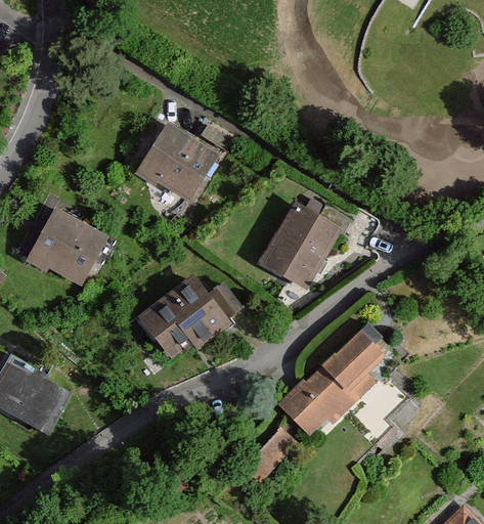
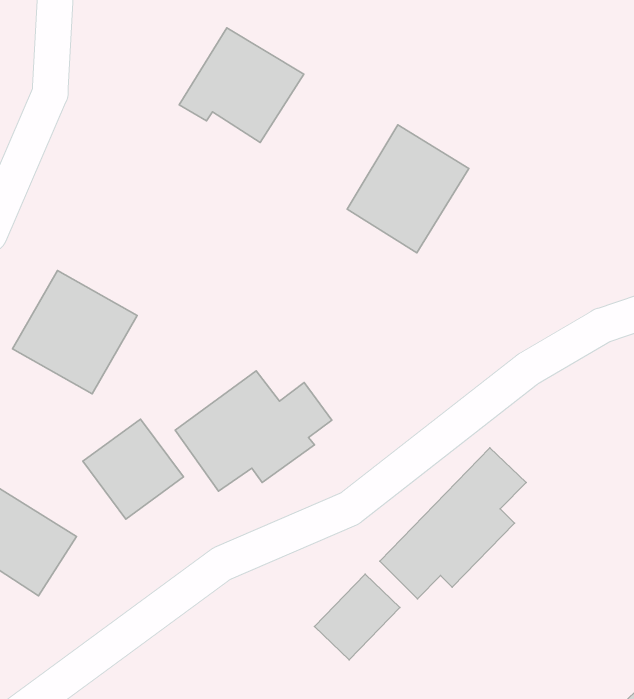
building: [134,122,222,203] -> [179,28,304,142]
building: [258,202,344,292] -> [347,125,469,253]
building: none -> [83,419,183,519]

